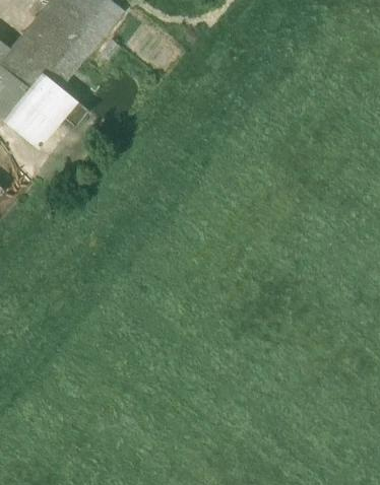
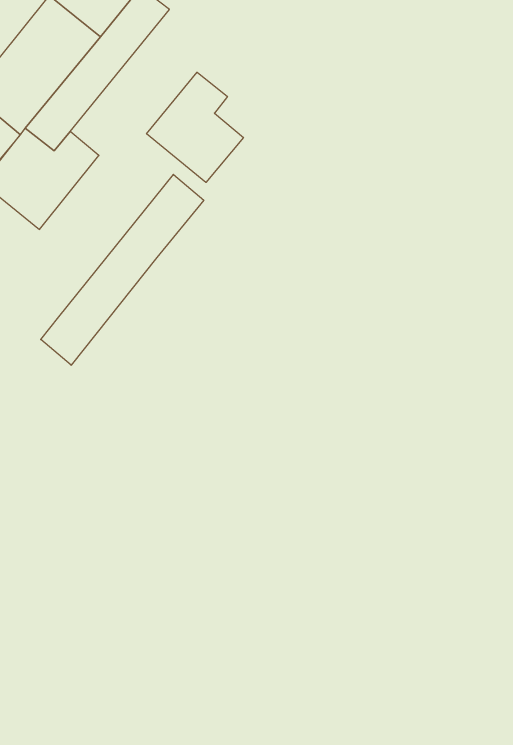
building: none -> [147,72,243,182]
building: none -> [41,174,204,365]

